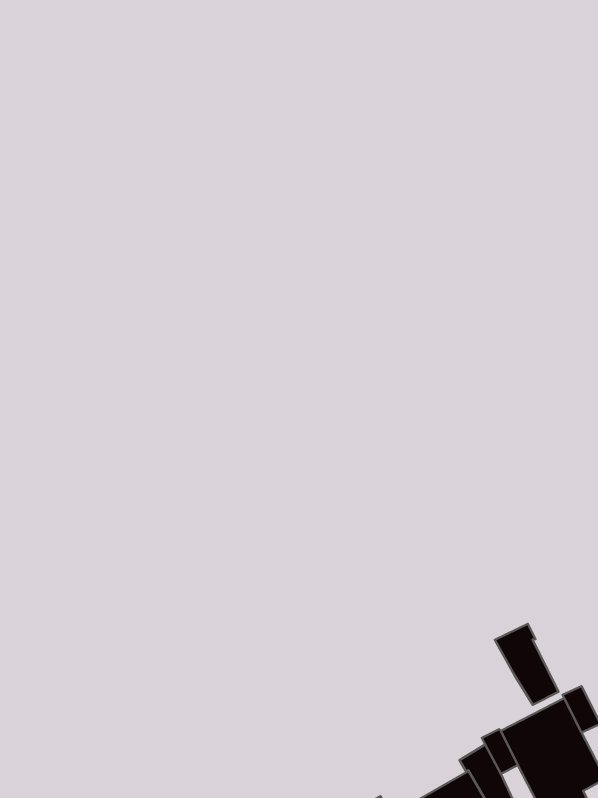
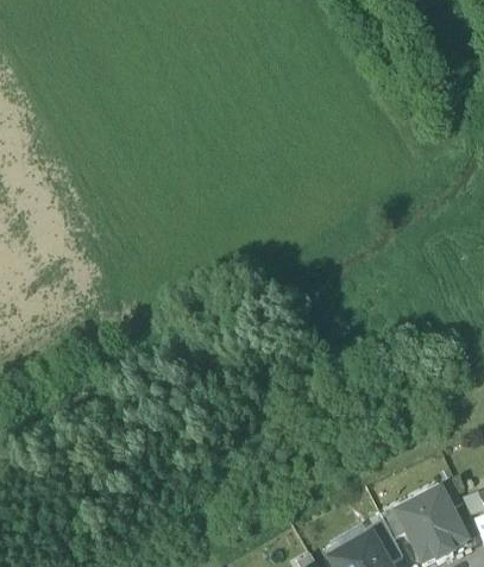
building: [495,624,559,705] -> none

